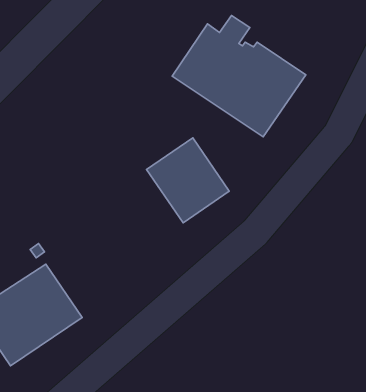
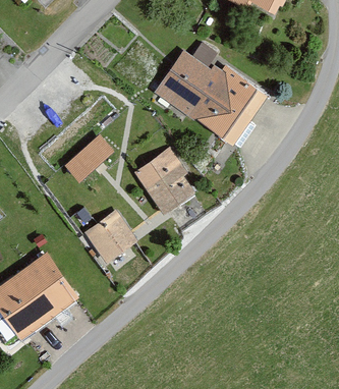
building: none -> [64,135,114,180]
building: none -> [83,210,138,264]

